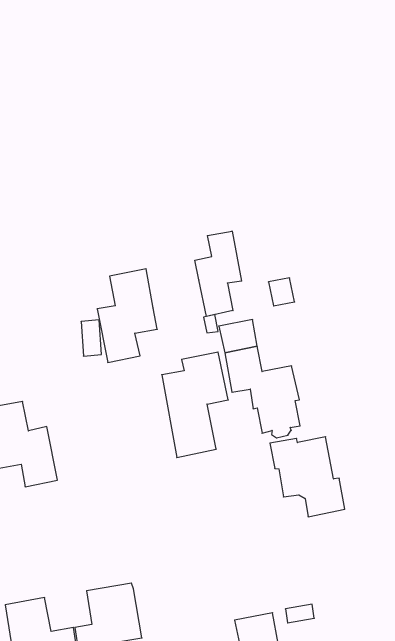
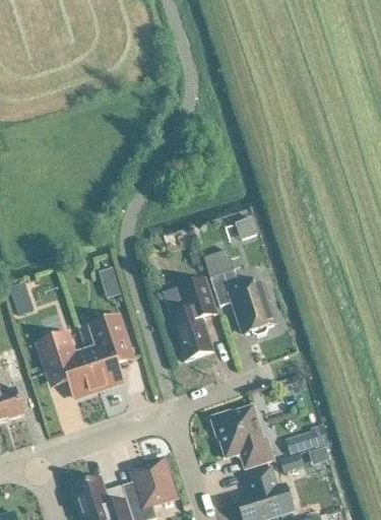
building: [195,231,242,316] -> none
building: [97,269,157,362] -> [85,316,132,389]
building: [270,437,345,517] -> [211,407,273,468]
building: none -> [287,424,326,453]

